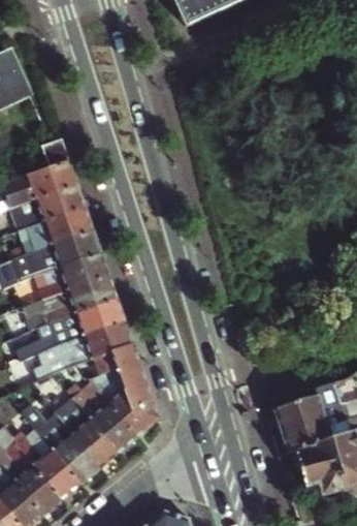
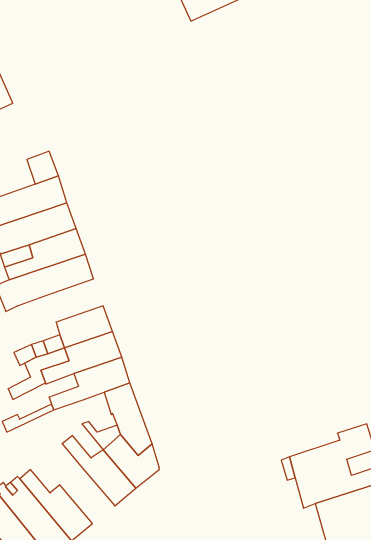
building: [37,251,108,298] -> none
building: [54,404,119,467] -> none

